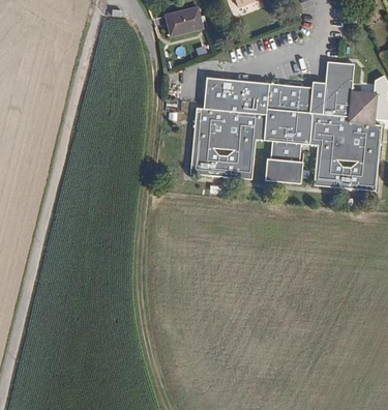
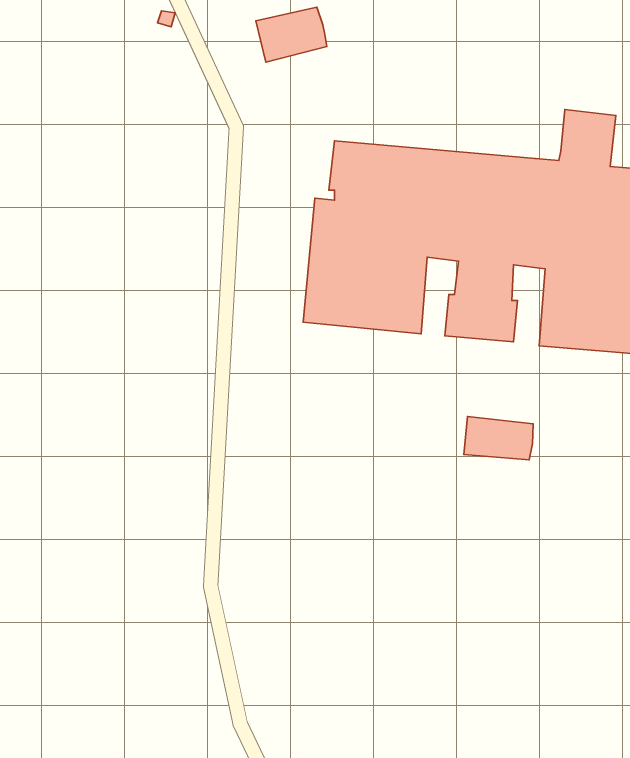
building: none -> [464,417,533,460]

